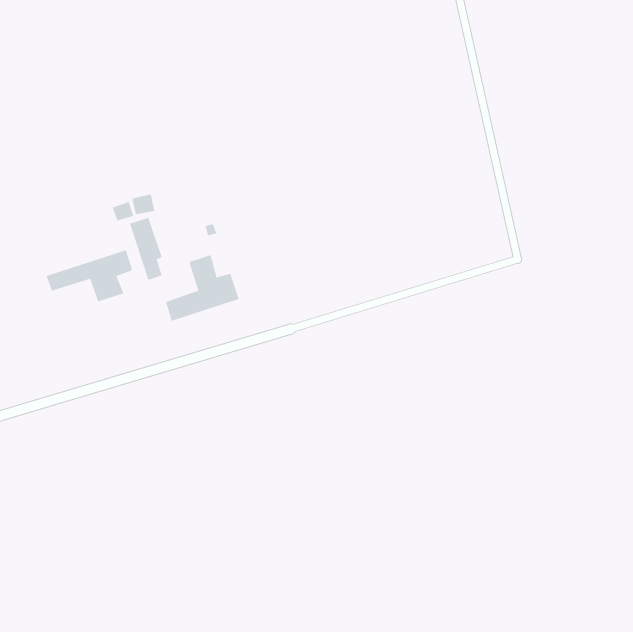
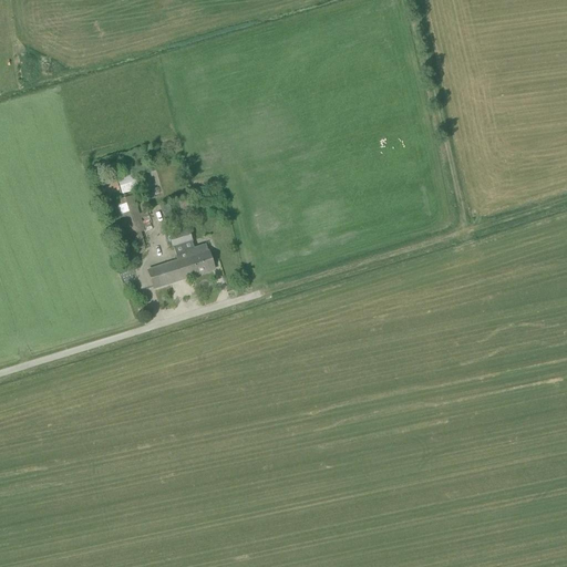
building: [46,249,133,302] -> none

